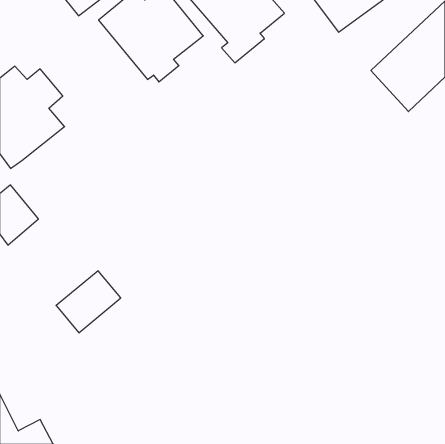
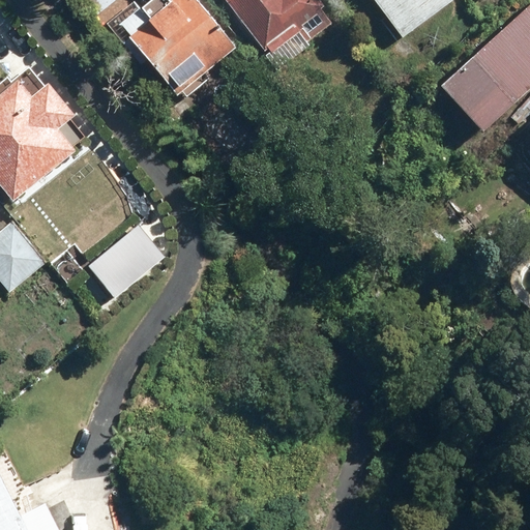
building: [56,271,121,333] -> [88,223,165,296]

